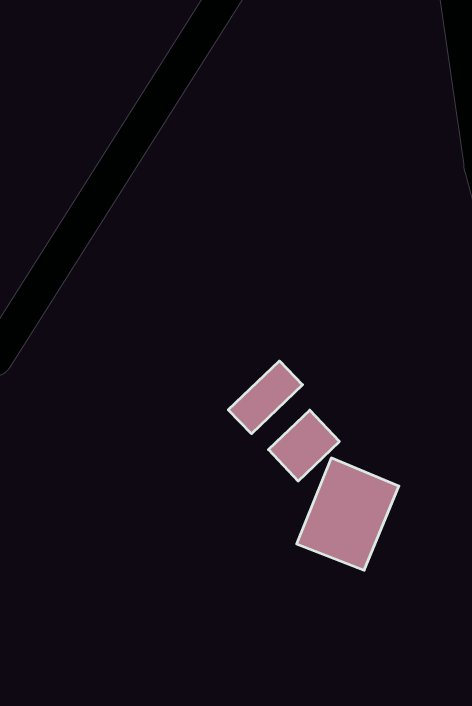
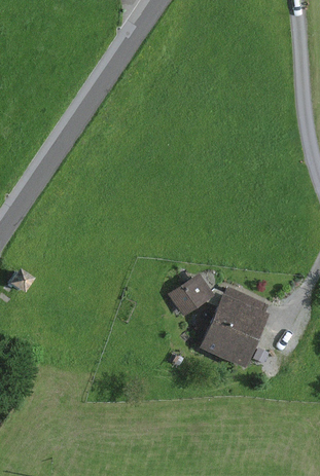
building: [228,361,303,434] -> none

